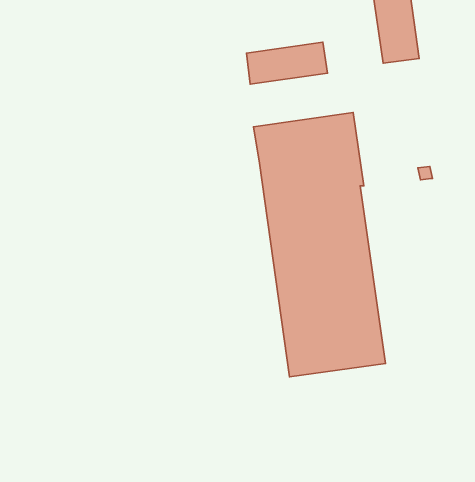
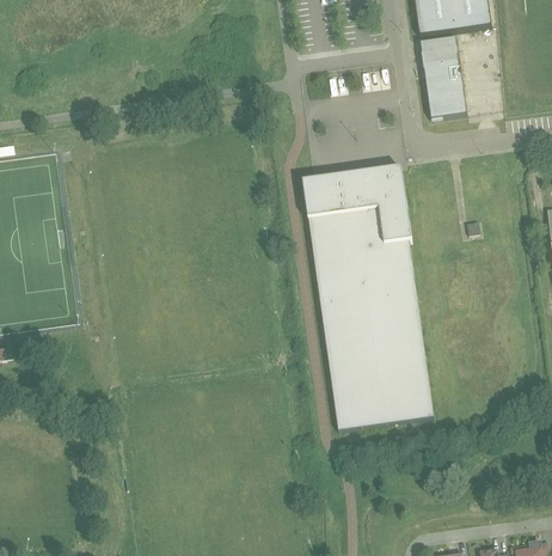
building: [247,42,328,84] -> none

